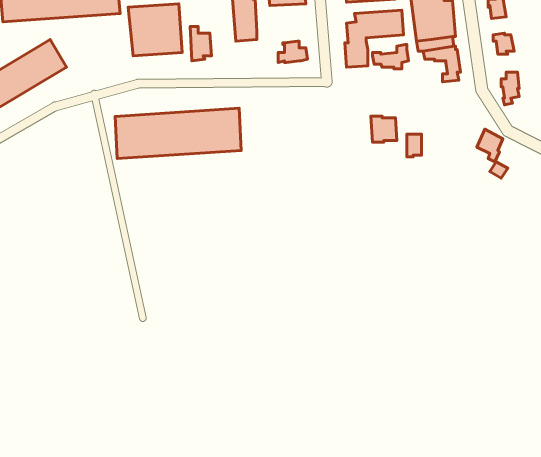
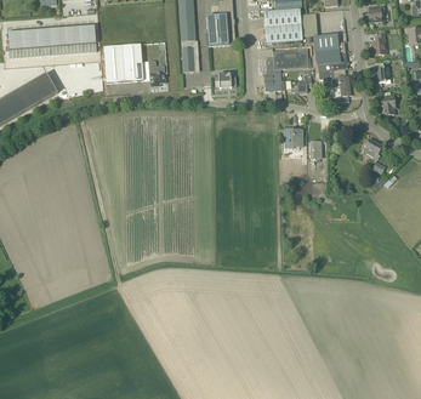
building: [115,108,241,159] -> none

